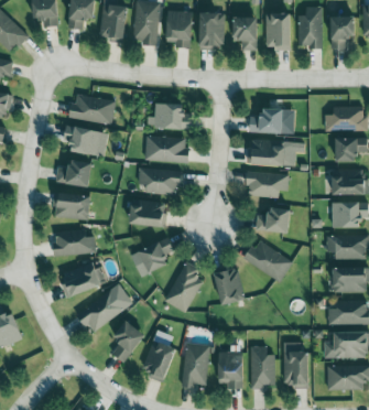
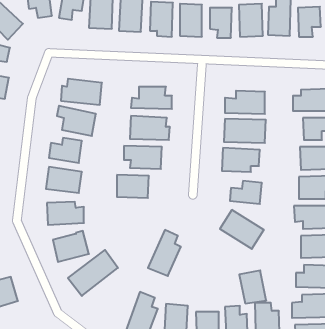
building: [138,238,173,273] -> none
building: [214,268,243,304] -> [239,270,266,303]
building: [111,321,144,363] -> none

